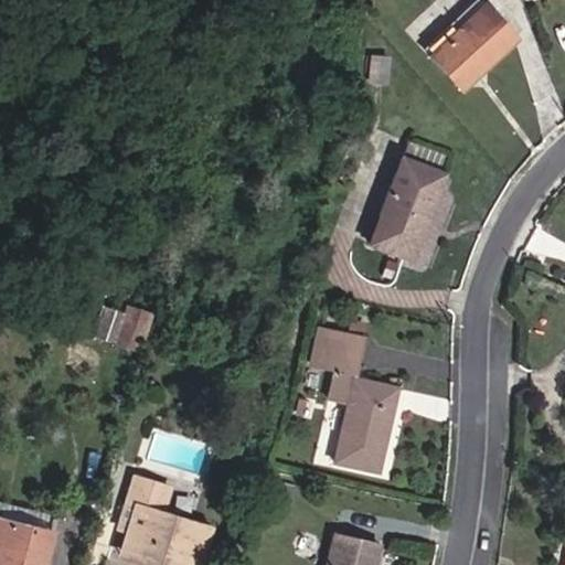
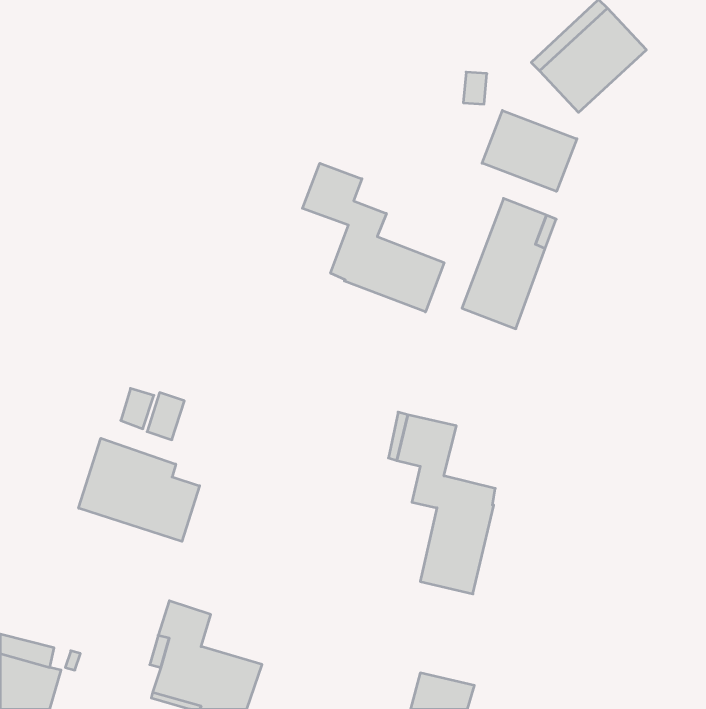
building: none -> [482,110,577,191]
building: none -> [302,163,444,312]
building: none -> [79,438,200,541]

